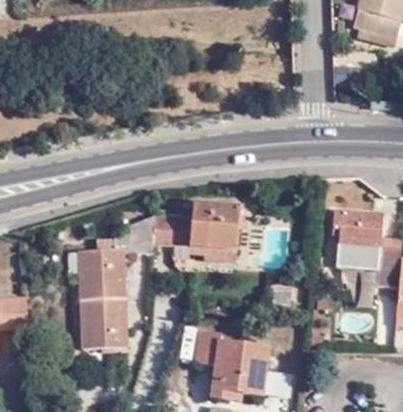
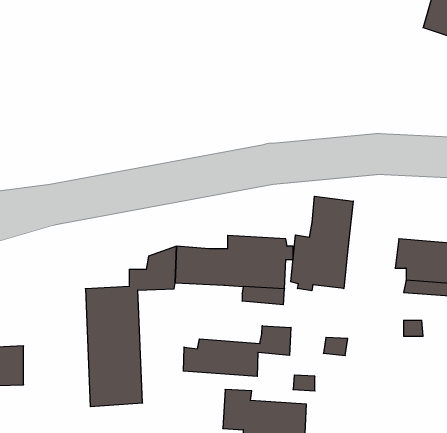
building: none -> [291,196,353,291]
building: none -> [183,326,291,376]

